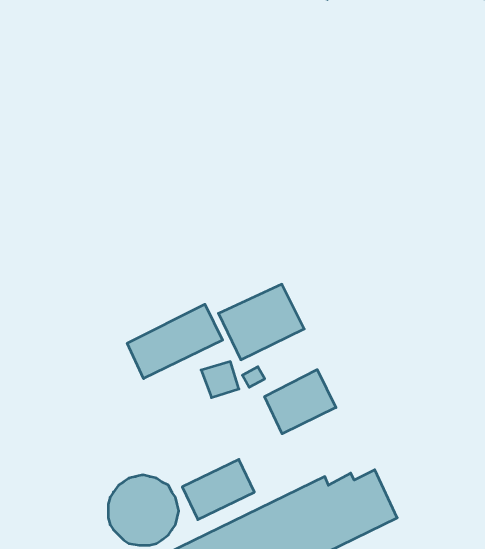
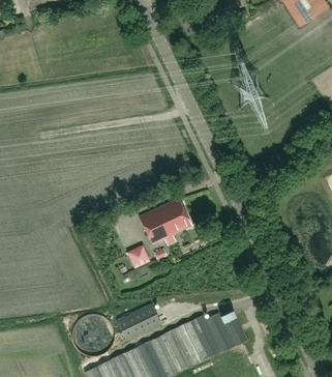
building: [127,304,223,379] -> none
building: [265,370,336,434] -> none

